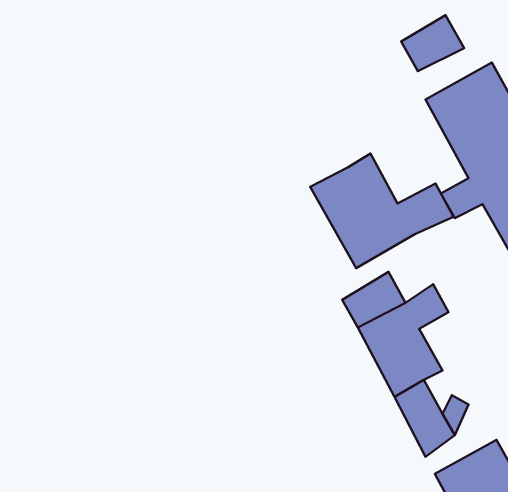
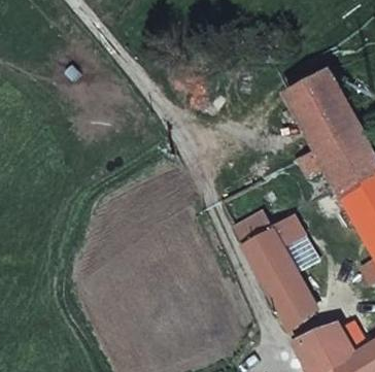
building: [401,15,464,71] -> none
building: [310,154,454,268] -> none

